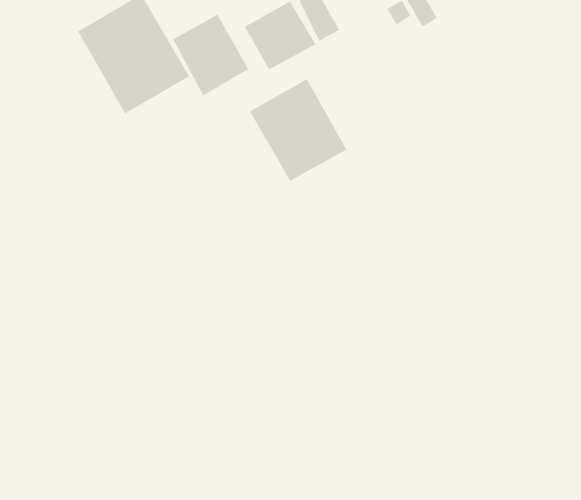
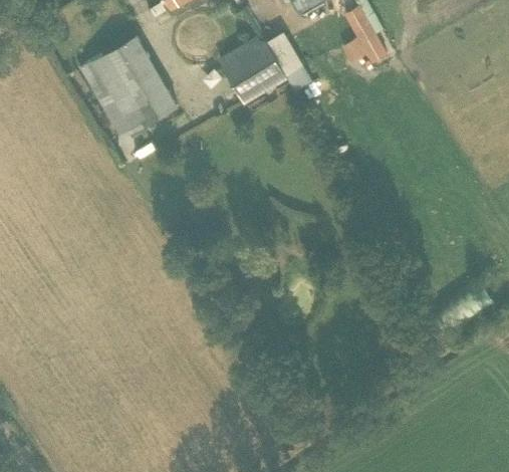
building: [172,14,249,96] -> none
building: [249,78,347,182] -> none

